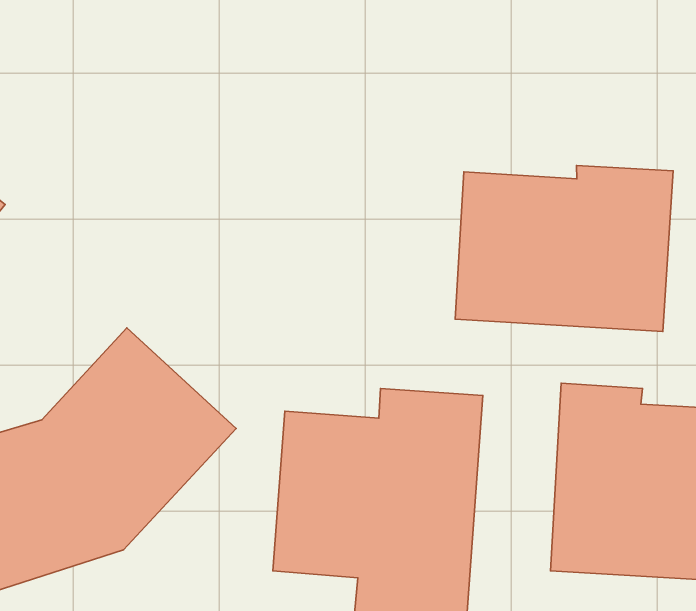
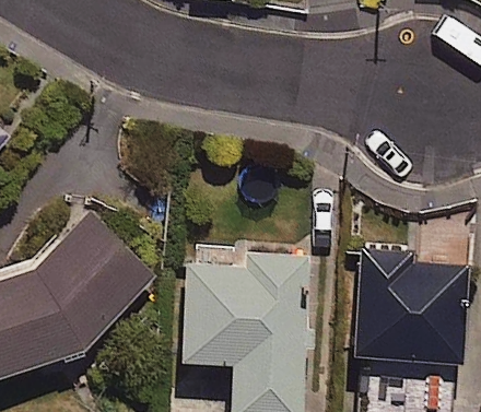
building: [455,165,673,332] -> none

